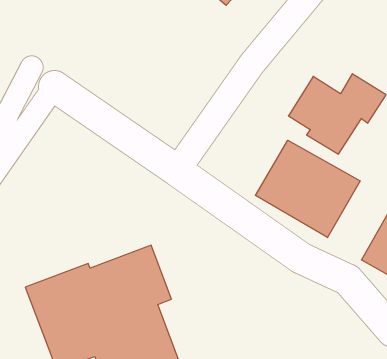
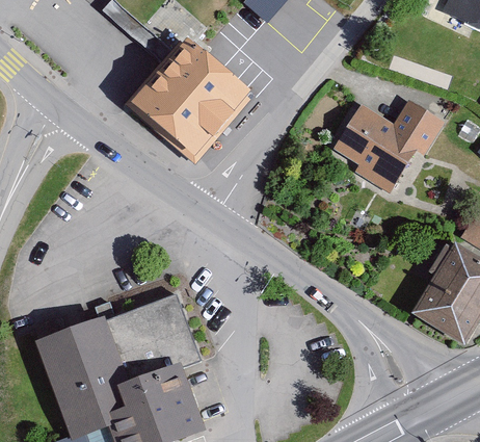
building: none -> [125,38,255,161]
building: [255,140,360,238] -> none

